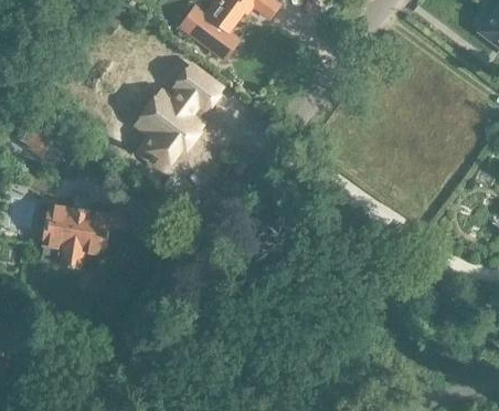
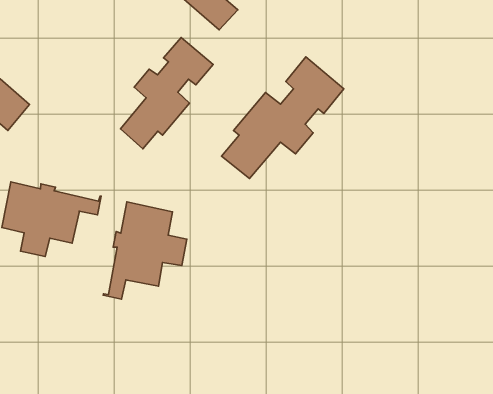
building: none -> [221,57,344,178]
building: none -> [103,202,187,299]

